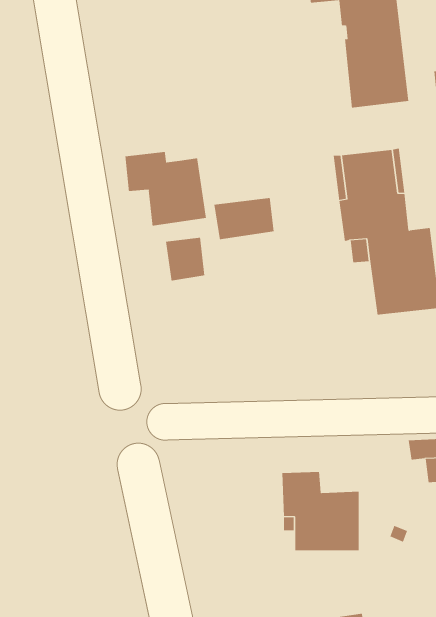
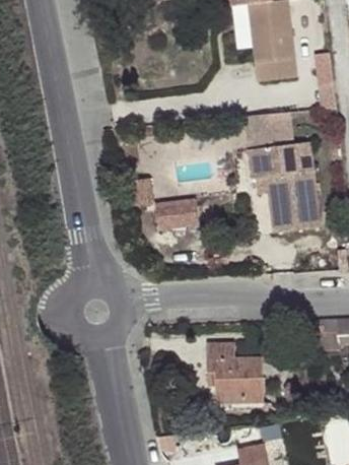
building: [125,151,206,226] -> none
building: [214,197,275,240] -> [154,198,198,228]

